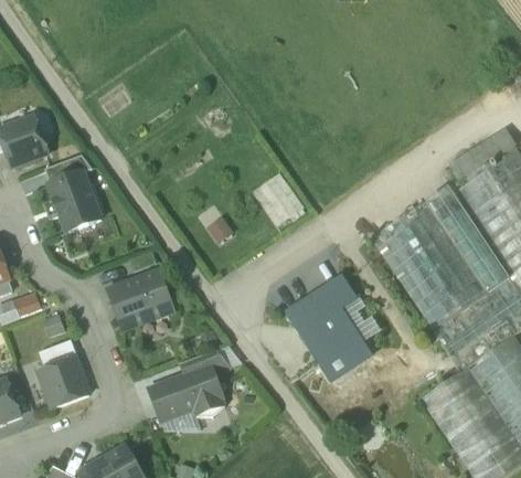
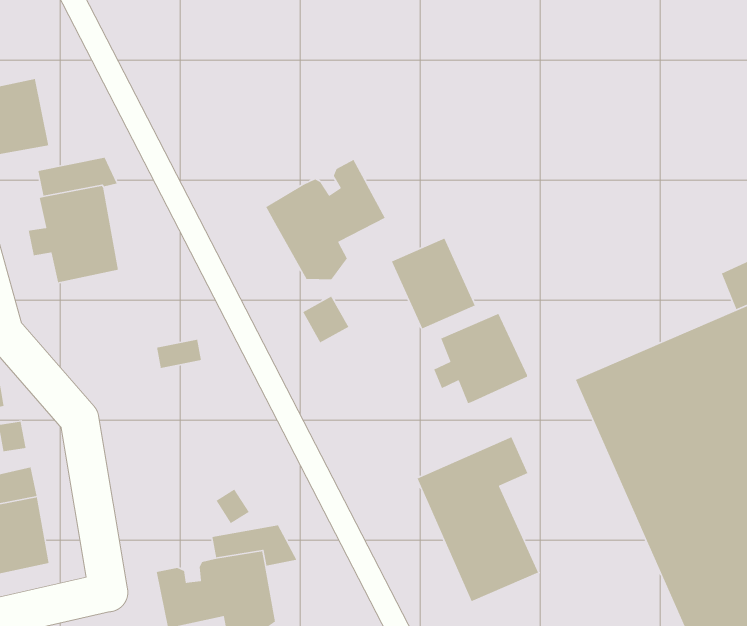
building: none -> [265,159,386,280]
building: none -> [433,313,528,404]
building: [104,267,178,334] -> none

